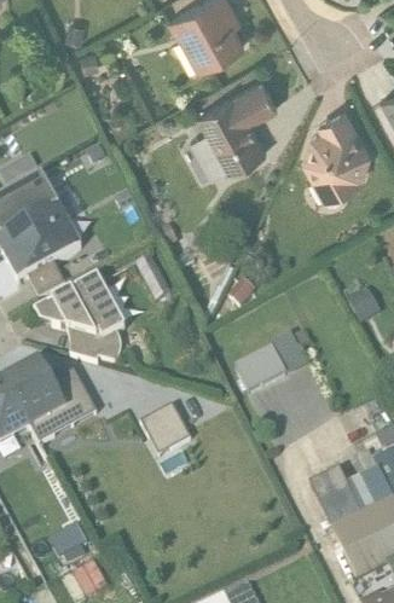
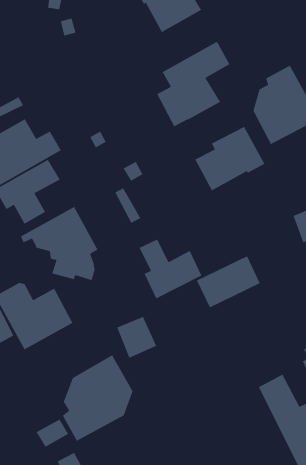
building: none -> [194,126,266,191]
building: none -> [139,238,202,299]
building: none -> [62,354,134,442]

